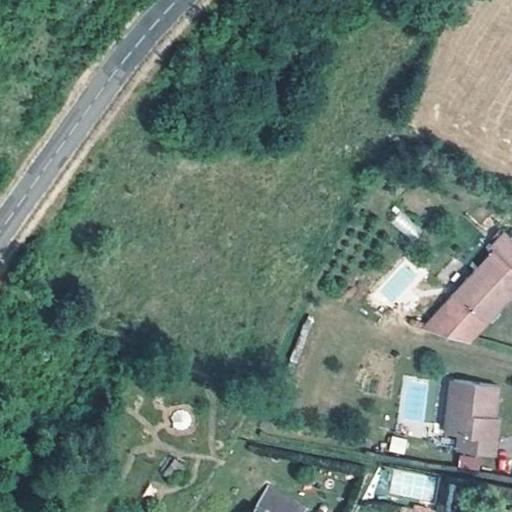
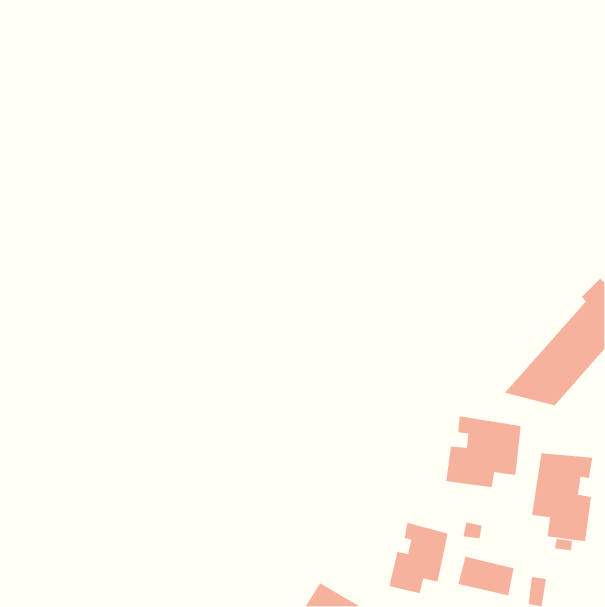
building: none -> [445,416,521,488]
building: none -> [389,522,449,594]

